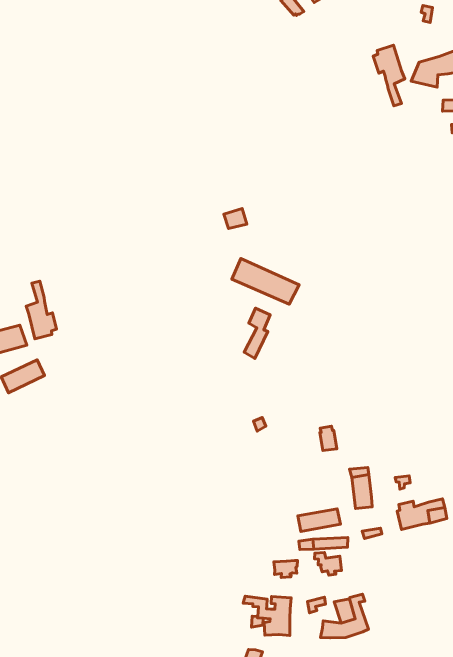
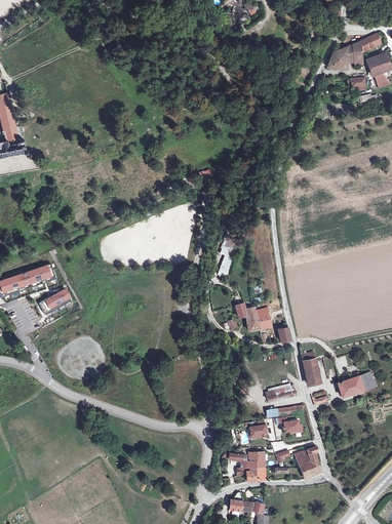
building: [373,45,405,106] -> none
building: [232,258,299,304] -> none
building: [26,281,57,339] -> none
building: none -> [235,303,270,330]

